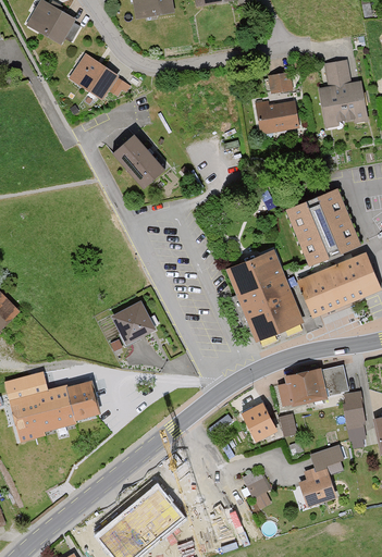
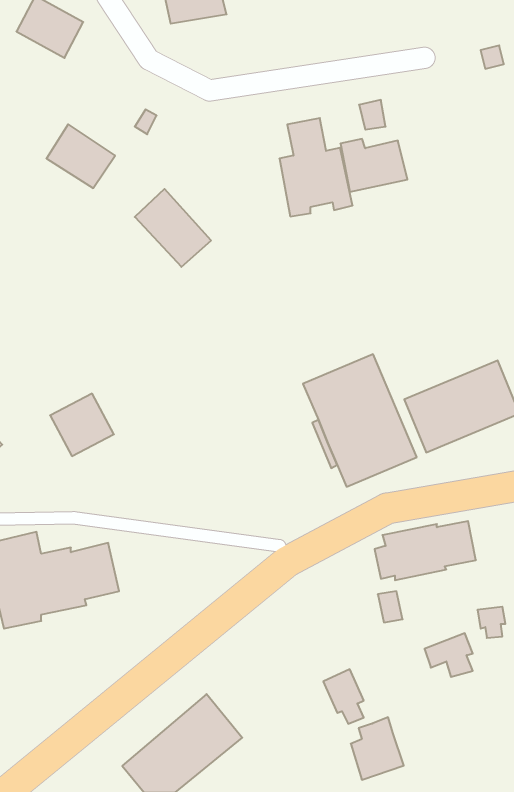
building: [69,53,116,98] -> [46,124,115,188]
building: [317,60,368,128] -> [279,118,353,216]
building: [287,189,363,267] -> none
building: [110,301,155,345] -> [50,394,114,456]
building: [343,392,366,426] -> none
building: [239,404,273,440] -> none
building: [300,463,337,507] -> [351,717,404,780]

